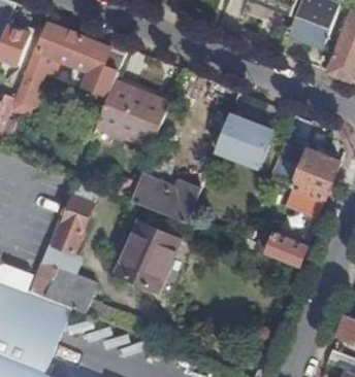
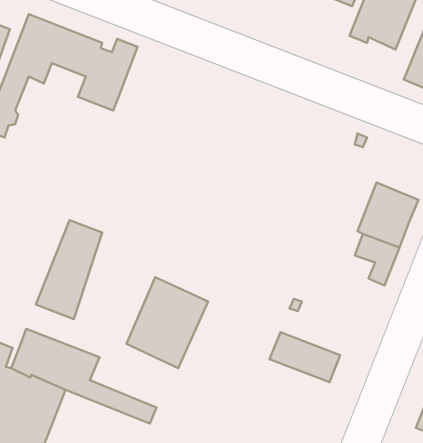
building: [95,79,168,146] -> none
building: [216,114,272,167] -> none
building: [130,173,200,222] -> none
building: [253,229,306,267] -> [270,332,340,382]

